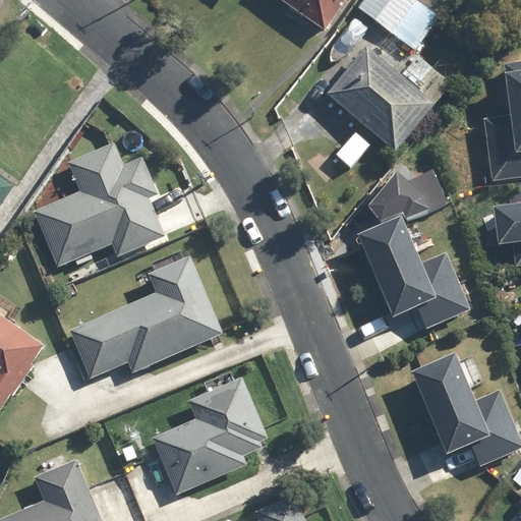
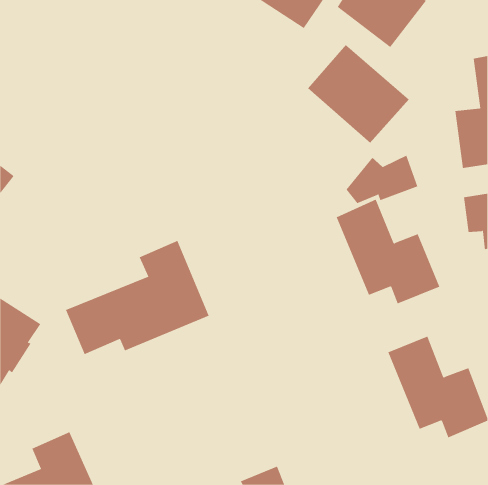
building: [34,142,164,266] -> none
building: [153,377,271,495] -> none

